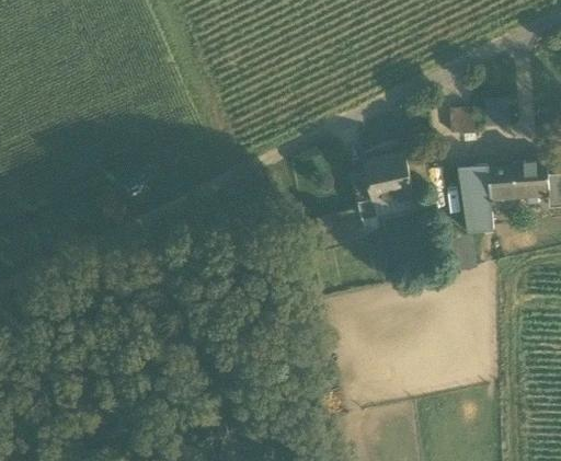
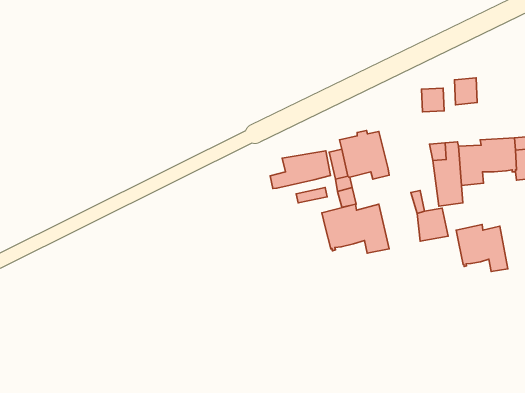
building: none -> [270,151,330,188]
building: none -> [322,204,389,253]
building: none -> [456,225,508,272]

